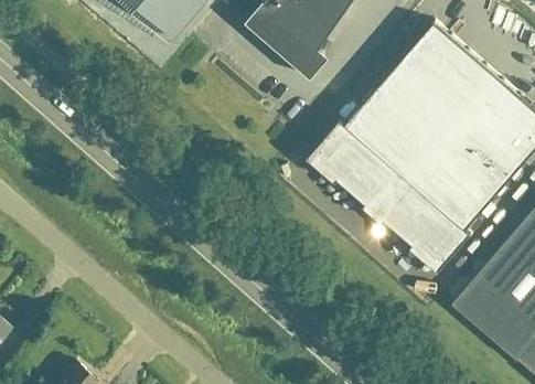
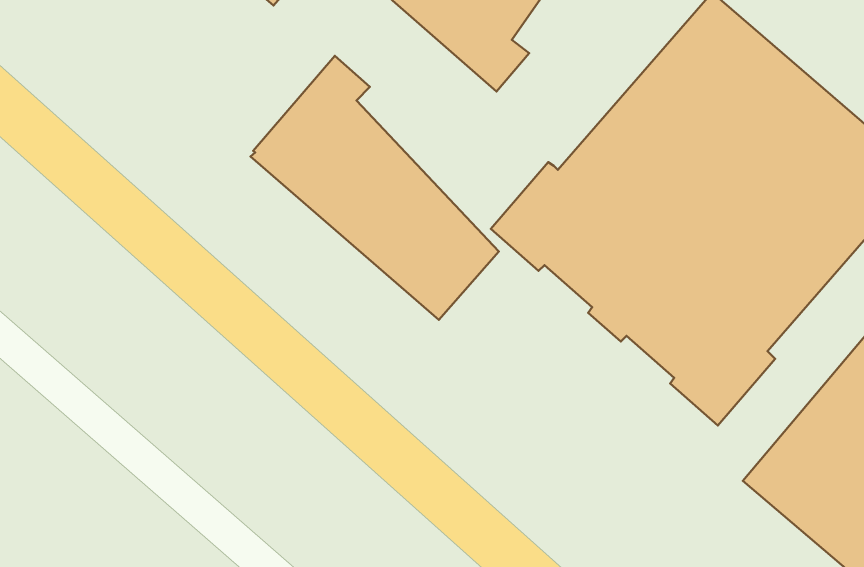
building: none -> [251,56,499,320]

